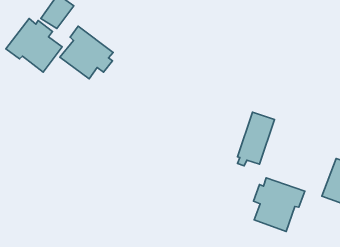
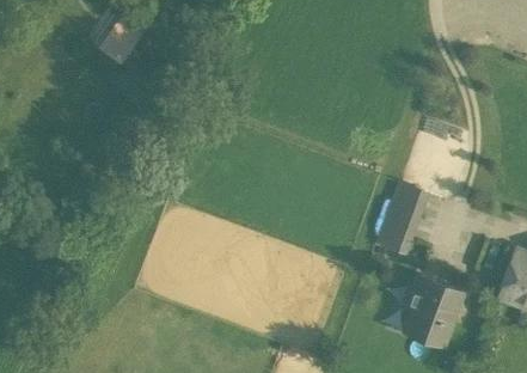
building: [6,19,62,72] -> none
building: [60,26,113,79] -> none

